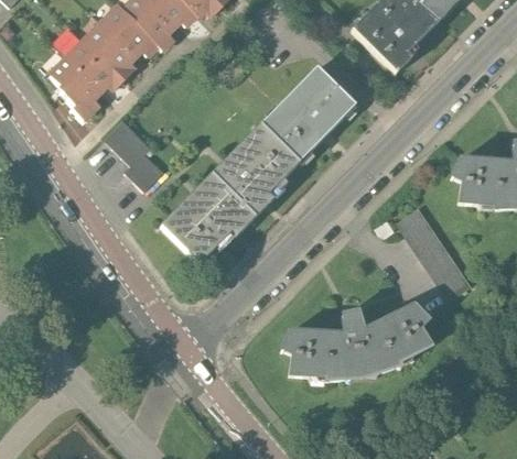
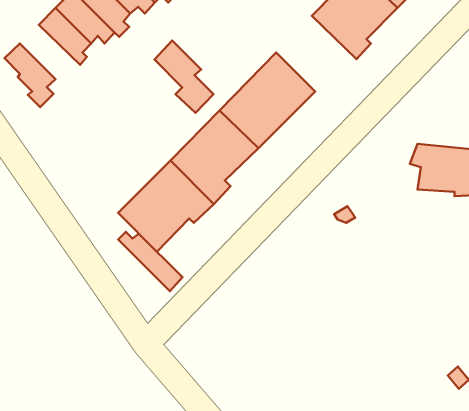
building: [64,39,123,92] -> none
building: [105,118,163,189] -> [154,41,213,113]
building: [398,206,473,298] -> none
building: none -> [118,232,182,291]
building: [281,303,433,382] -> none

